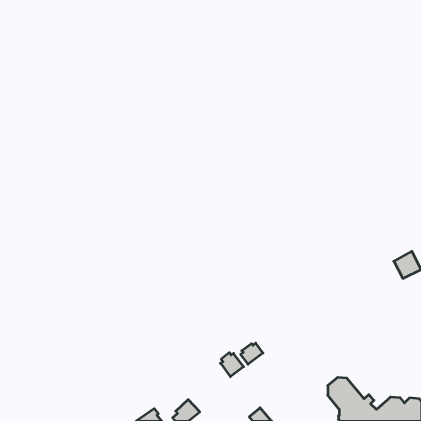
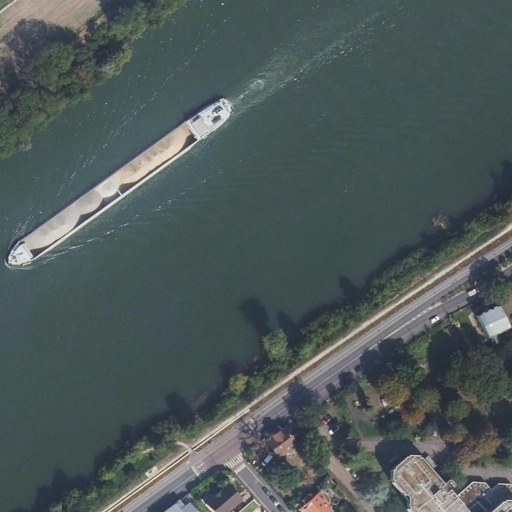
building: [241,343,263,364] -> none

